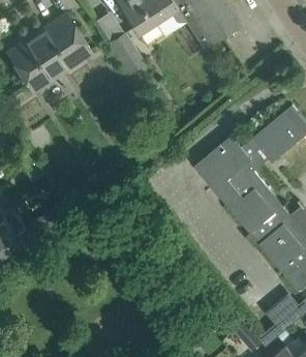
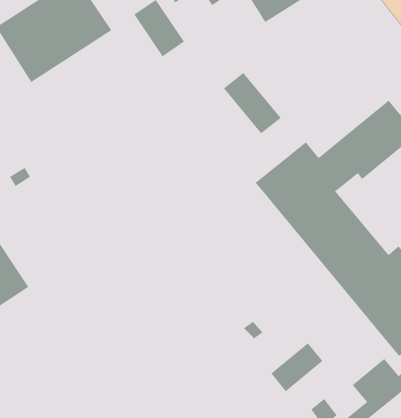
building: none -> [223,72,281,134]
building: none -> [271,342,323,392]

